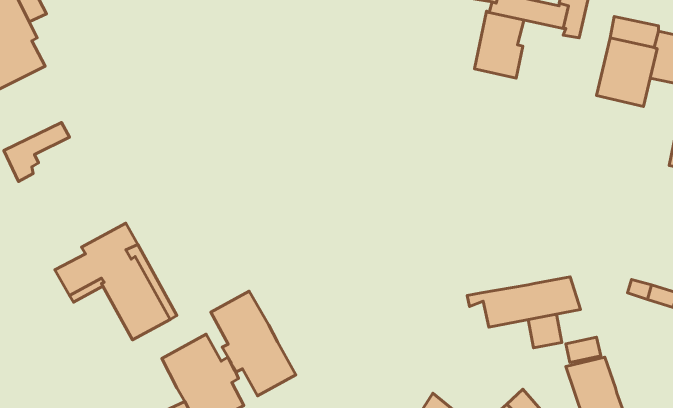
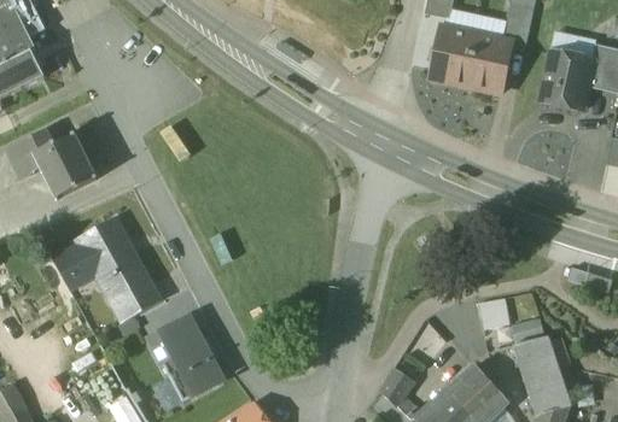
building: none -> [467,33,512,93]
building: none -> [34,135,94,198]
building: [467,277,580,327] -> none
building: [211,291,296,396] -> none

